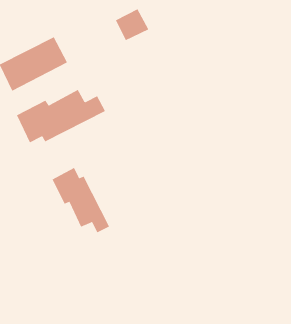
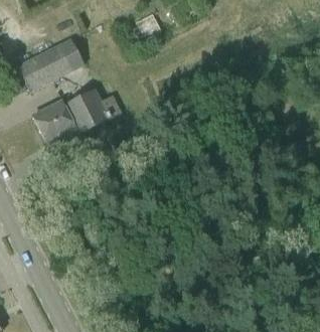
building: [52,167,110,233] -> none

